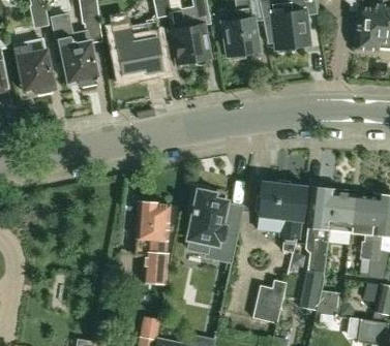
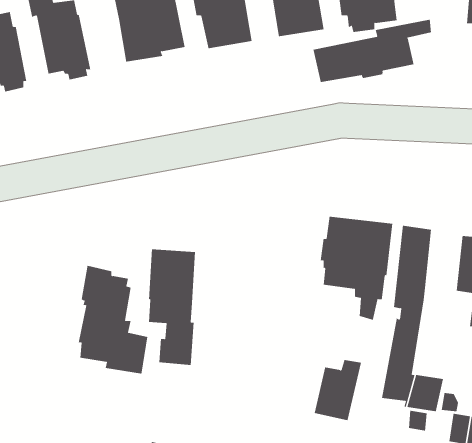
building: none -> [313,19,432,83]
building: [188,186,237,261] -> [78,265,148,374]
building: [330,190,355,232] -> none

